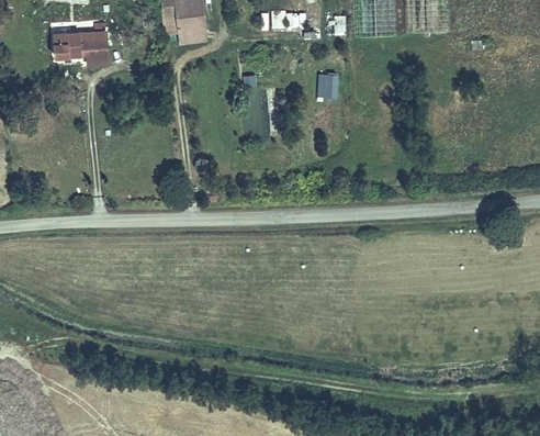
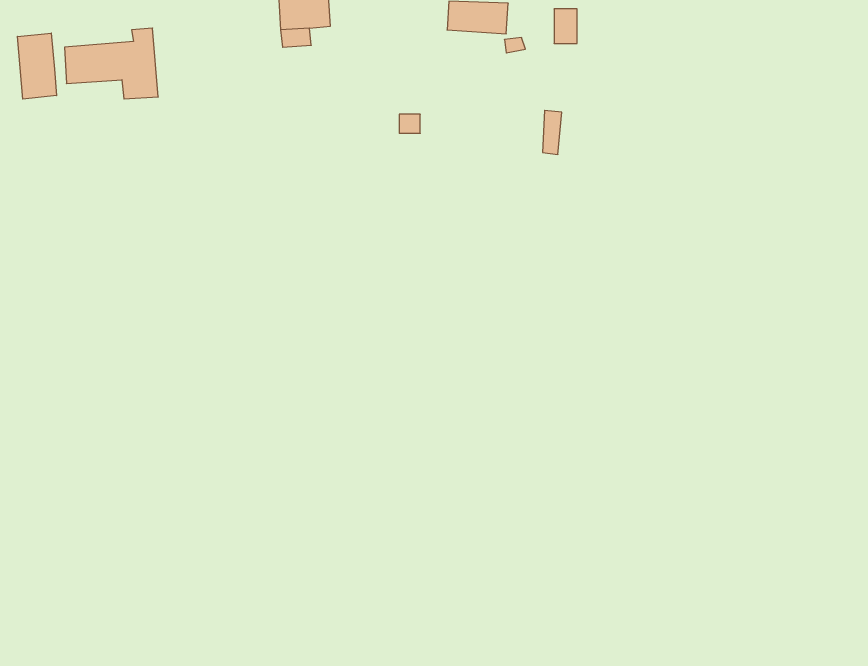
building: none -> [17,33,57,99]

